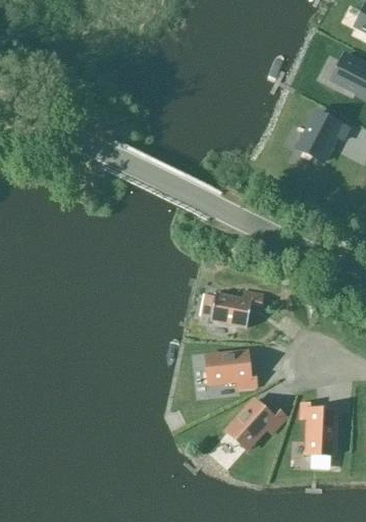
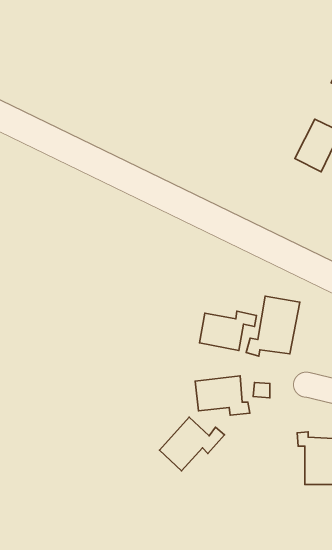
building: none -> [246,296,300,356]
building: [226,400,286,450] -> [160,417,224,471]

